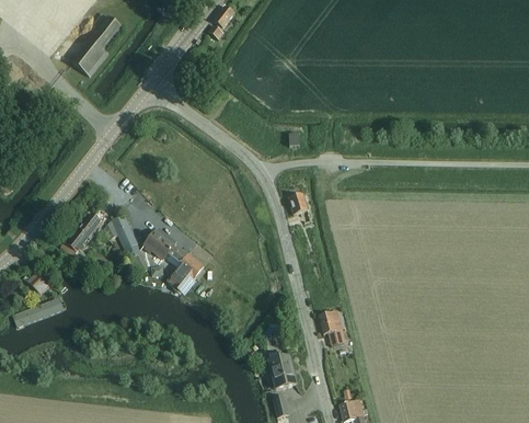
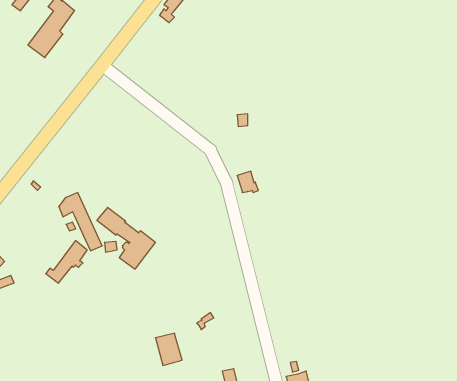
building: [60,210,103,254] -> [46,241,87,283]
building: [319,310,345,344] -> none
building: [269,354,297,387] -> [155,333,182,365]

